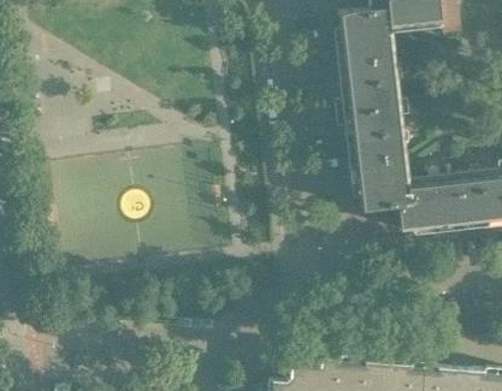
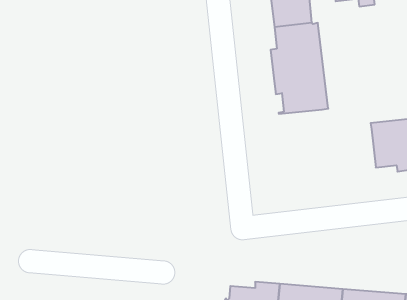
building: [349,156,462,231] -> none

